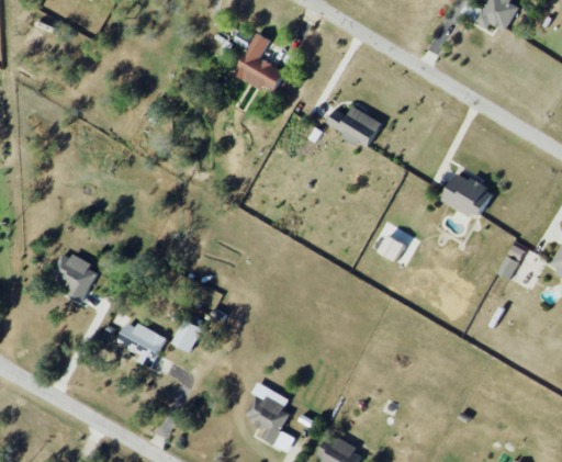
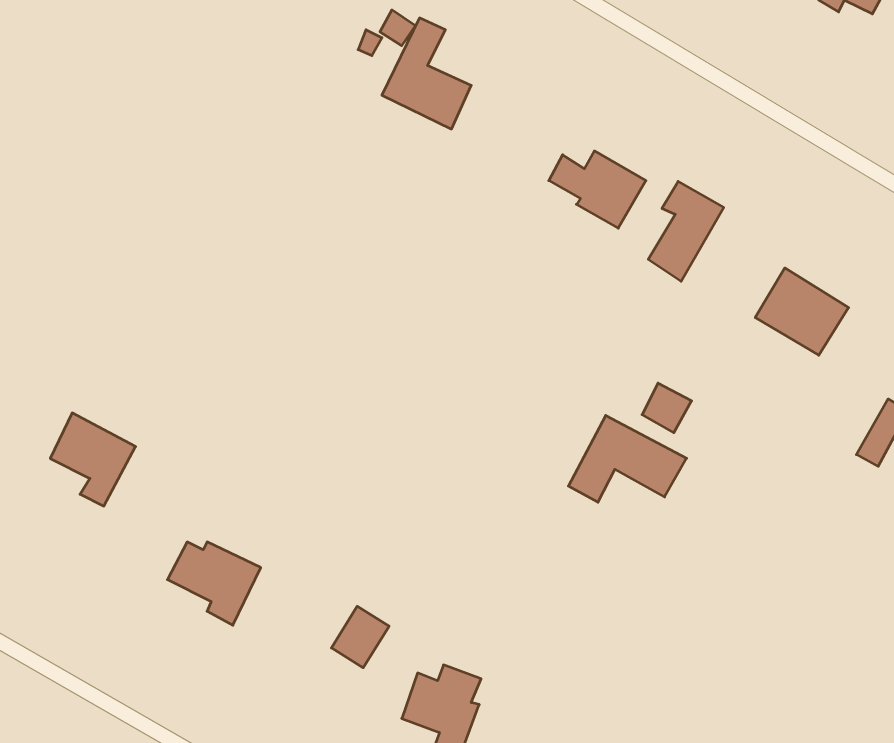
building: none -> [648,181,724,281]
building: none -> [568,415,687,502]
building: [172,318,204,352] -> [331,606,389,668]

